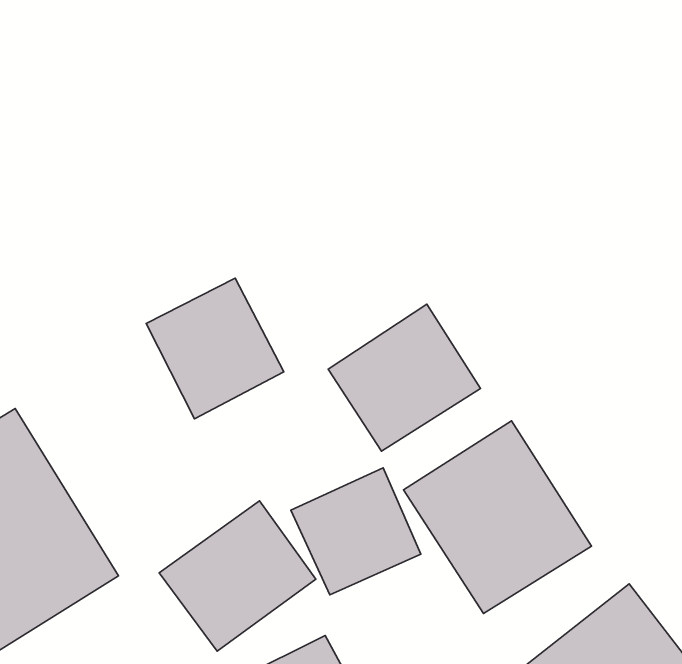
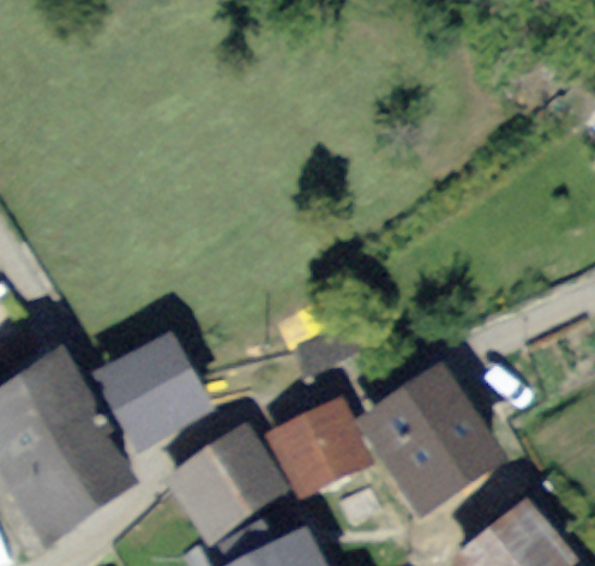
building: [146,278,284,419] -> [103,335,209,442]
building: [328,304,481,451] -> none

